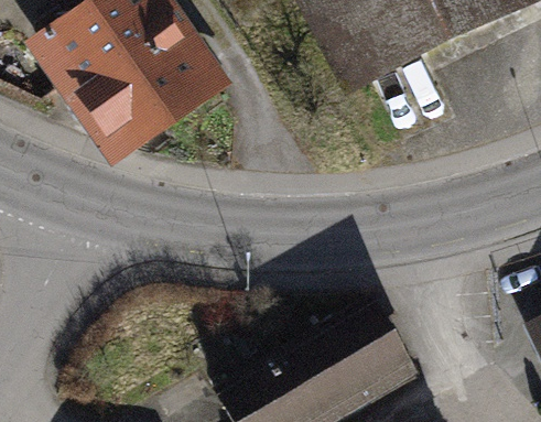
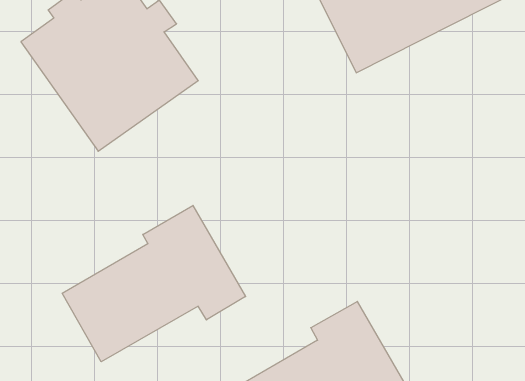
building: none -> [62,205,246,362]

